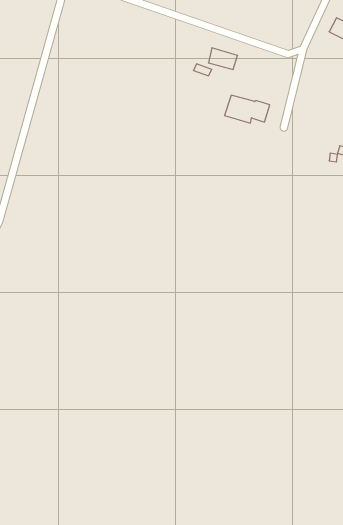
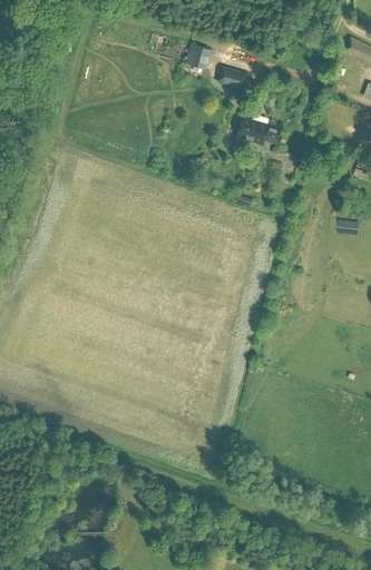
building: none -> [183,41,209,67]

